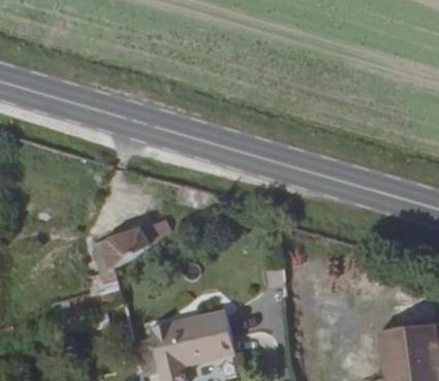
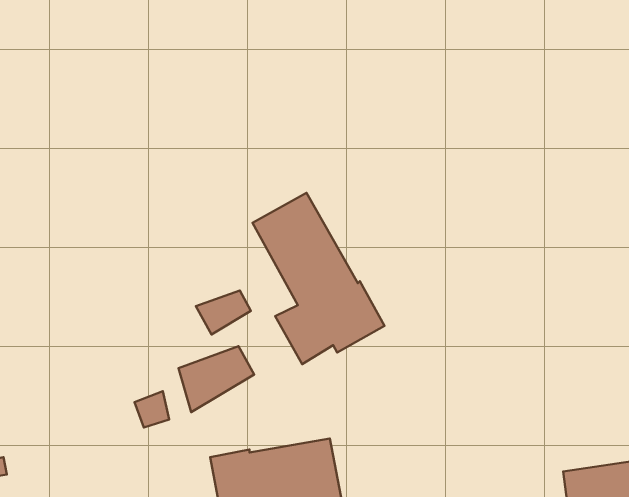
building: none -> [252,193,385,364]
building: [98,226,148,269] -> [178,346,254,412]

